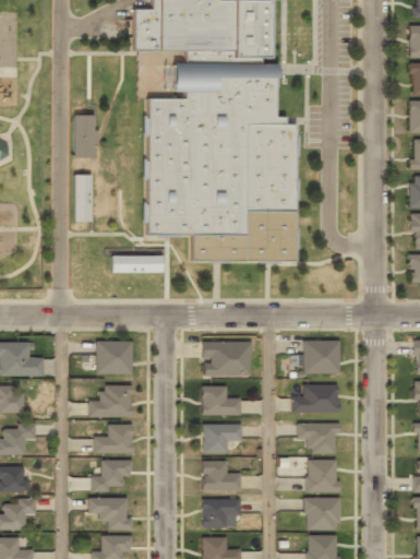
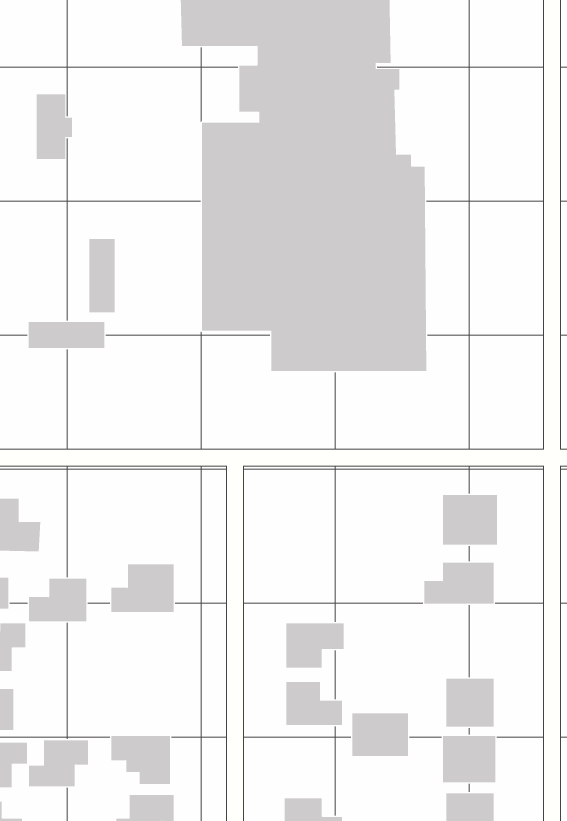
building: [75,116,99,158] -> [36,94,73,159]
building: [112,257,163,274] -> [28,321,105,348]
building: [96,341,132,374] -> none
building: [203,342,251,377] -> none
building: [202,386,240,415] -> none
building: [298,423,338,452] -> none
building: [94,424,132,452] -> [28,578,87,622]
building: [92,460,131,490] -> [28,740,89,787]
building: [202,499,239,527] -> [352,713,409,757]

